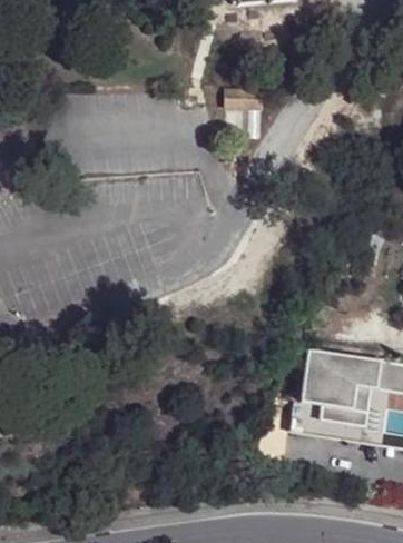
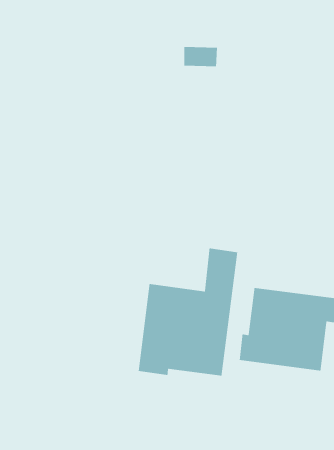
building: none -> [138,248,238,376]

